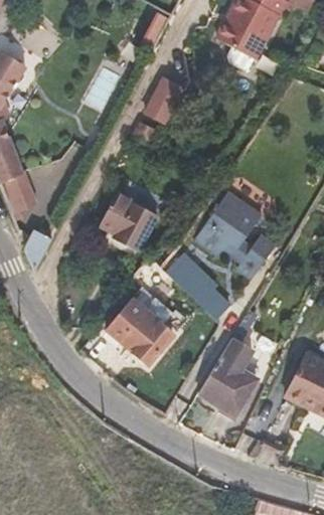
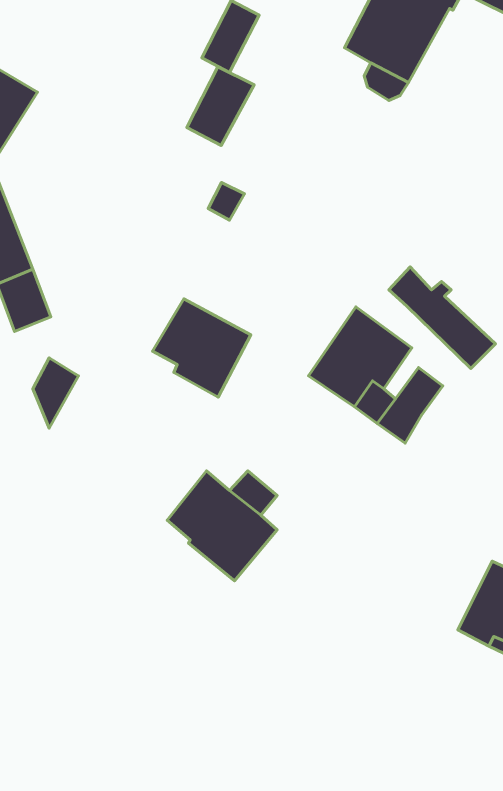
building: [145,74,186,123] -> [187,67,254,145]
building: [166,258,231,320] -> [389,267,495,368]
building: [199,335,261,414] -> none

